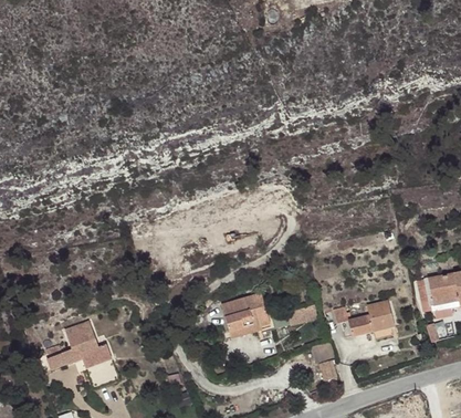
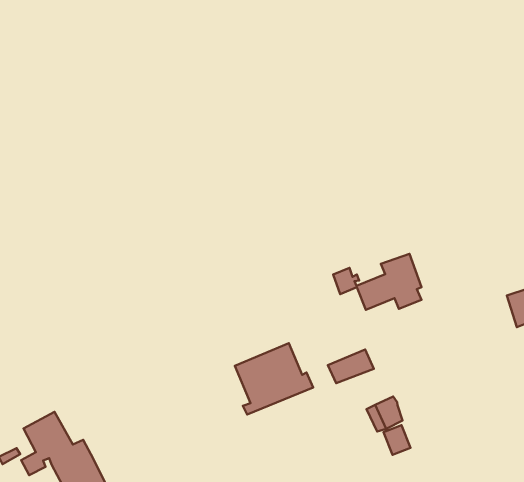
building: [333,301,394,338] -> [333,254,421,310]

